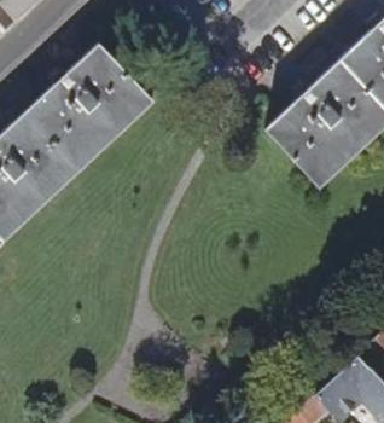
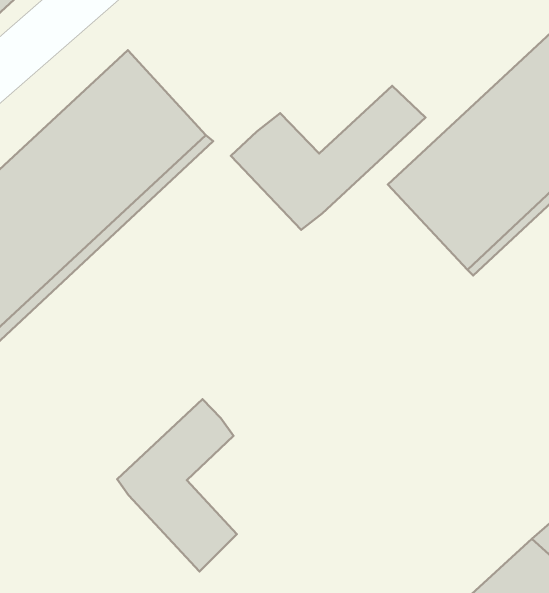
building: none -> [231,86,426,230]
building: none -> [117,399,237,572]

